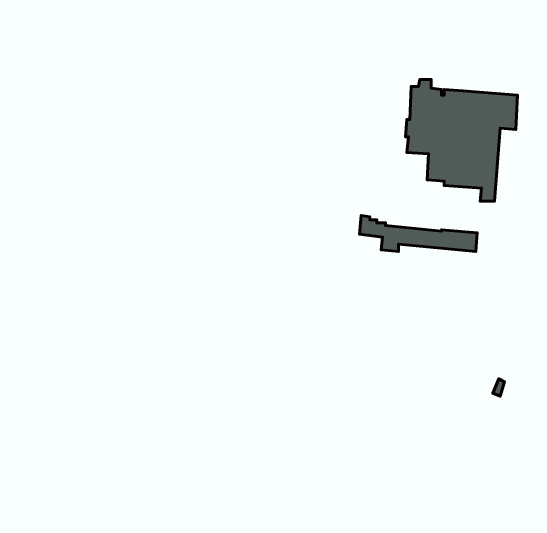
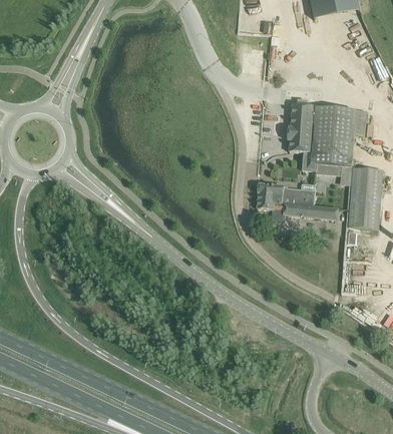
building: none -> [347,168,381,230]
building: none -> [256,183,314,206]

